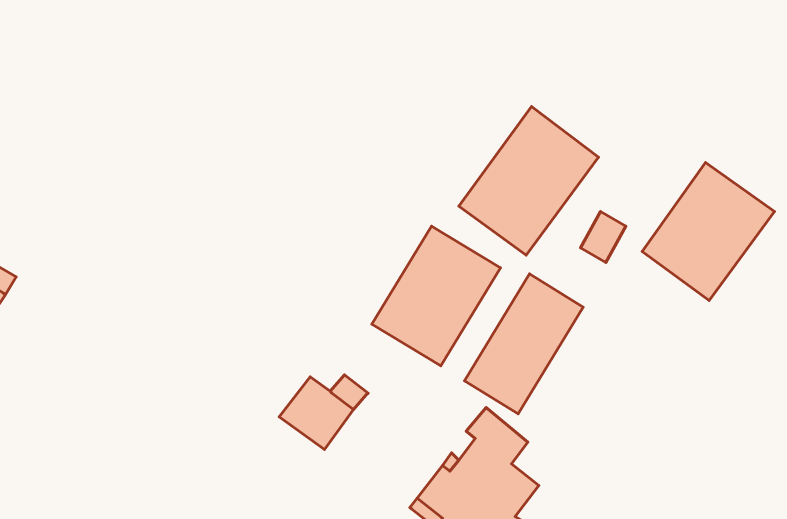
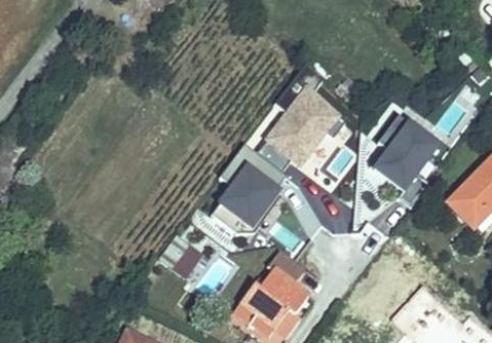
building: [464,274,583,414] -> none

